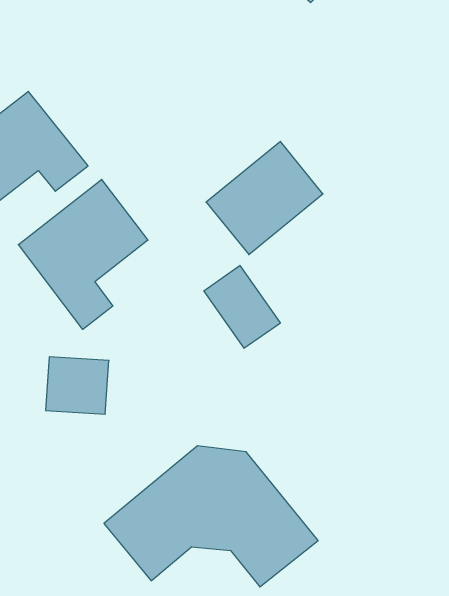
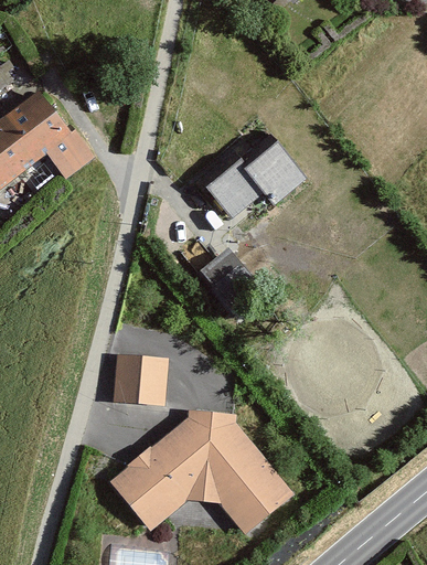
building: [18,179,148,329] -> none
building: [46,357,109,414] -> [113,352,170,404]

